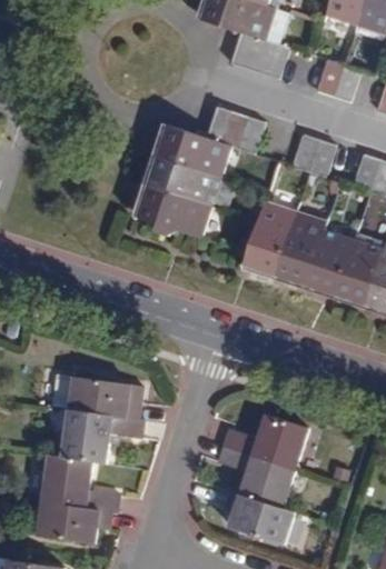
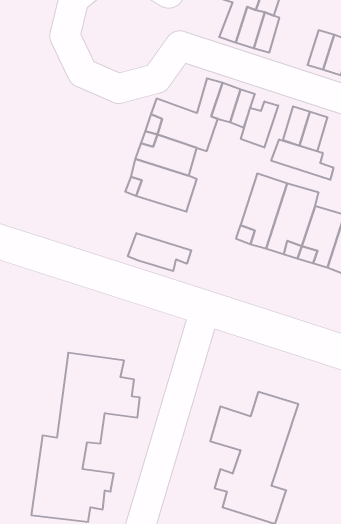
building: none -> [241,101,278,148]
building: none -> [271,139,333,180]
building: none -> [128,233,191,271]

